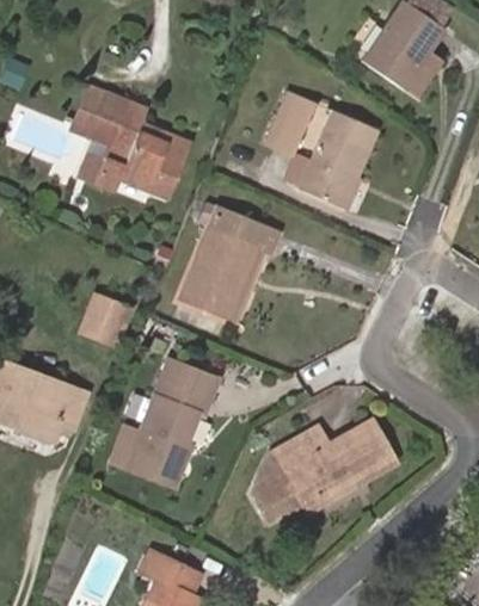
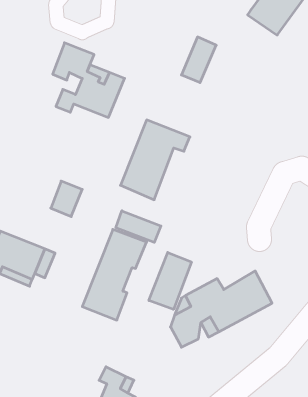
building: [297,107,375,204] -> none
building: none -> [116,211,161,242]
building: none -> [149,252,191,309]

